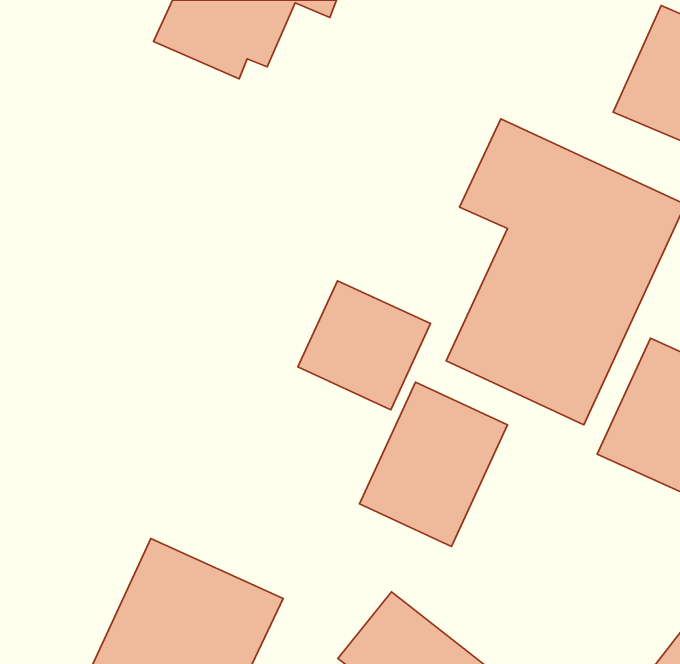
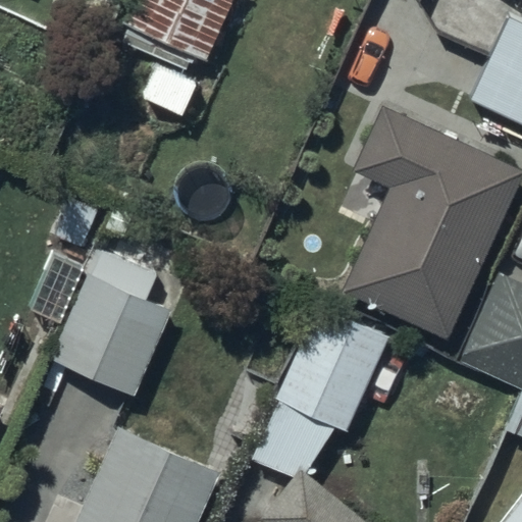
building: [298,281,431,410] -> none
building: none -> [50,252,171,398]

